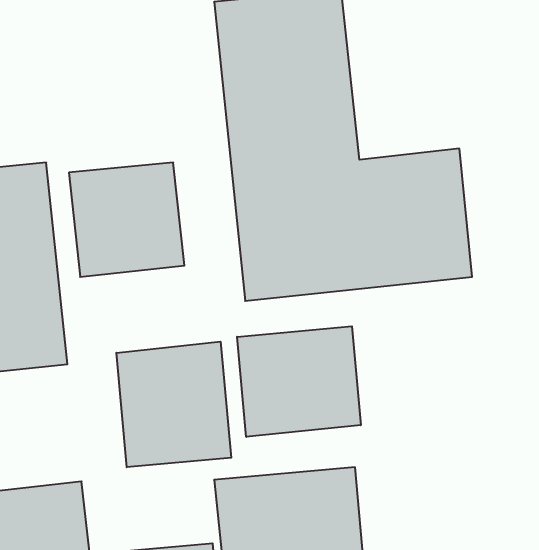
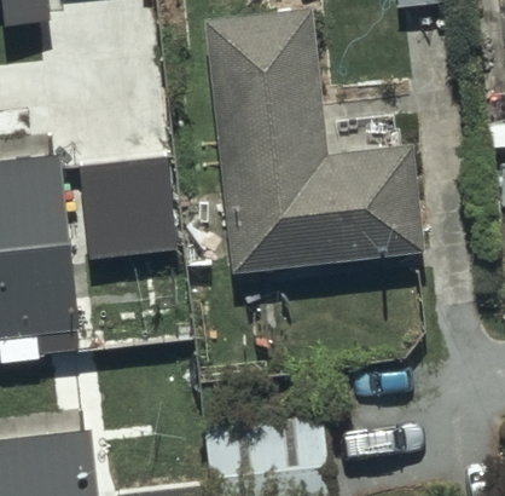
building: [237,326,361,437] -> none
building: [116,342,231,467] -> none

